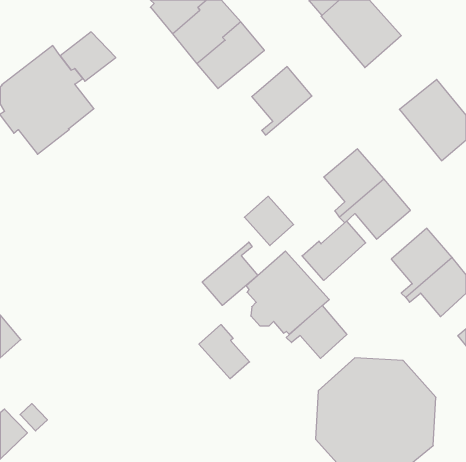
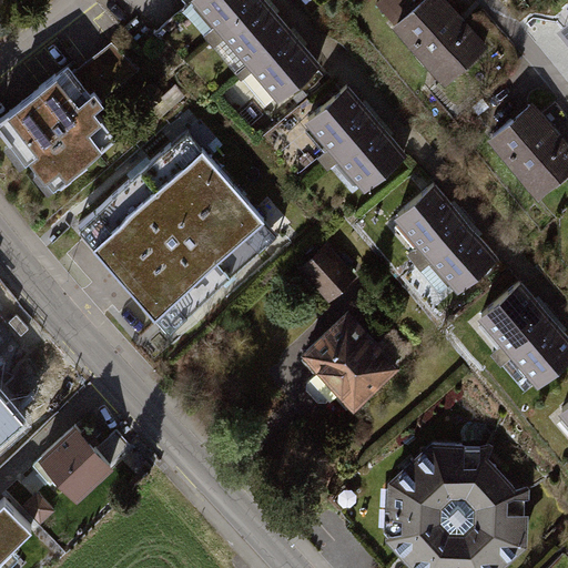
building: none -> [323,122,409,193]
building: none -> [77,131,276,329]
building: [302,221,366,280] -> none
building: [202,242,258,305] -> none
building: [286,306,347,358] -> none
building: [199,325,250,379] -> none
building: none -> [40,427,115,504]

